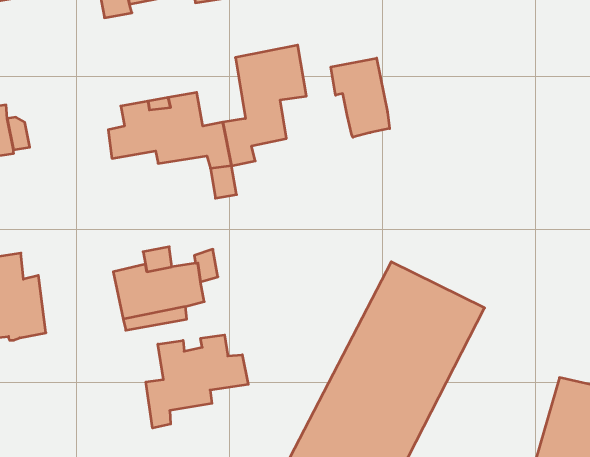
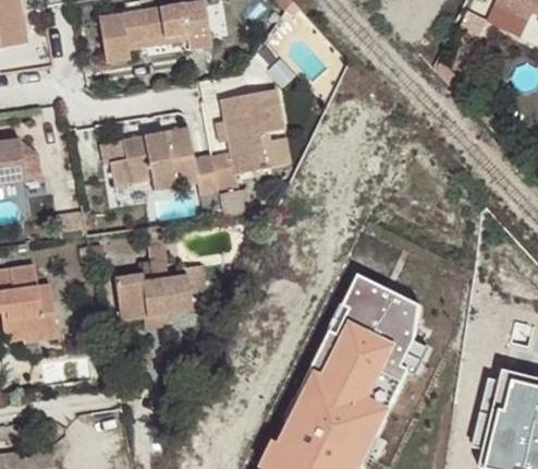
building: [331,58,390,137] -> none
building: [146,335,248,428] -> none

